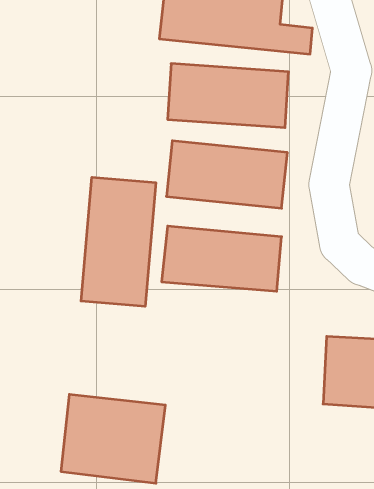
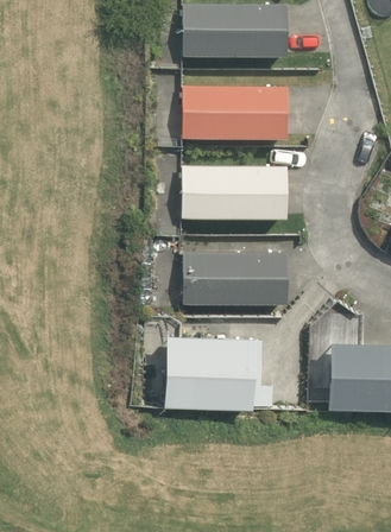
building: [81,177,156,306] -> none
building: [61,394,165,483] -> [159,331,264,420]

